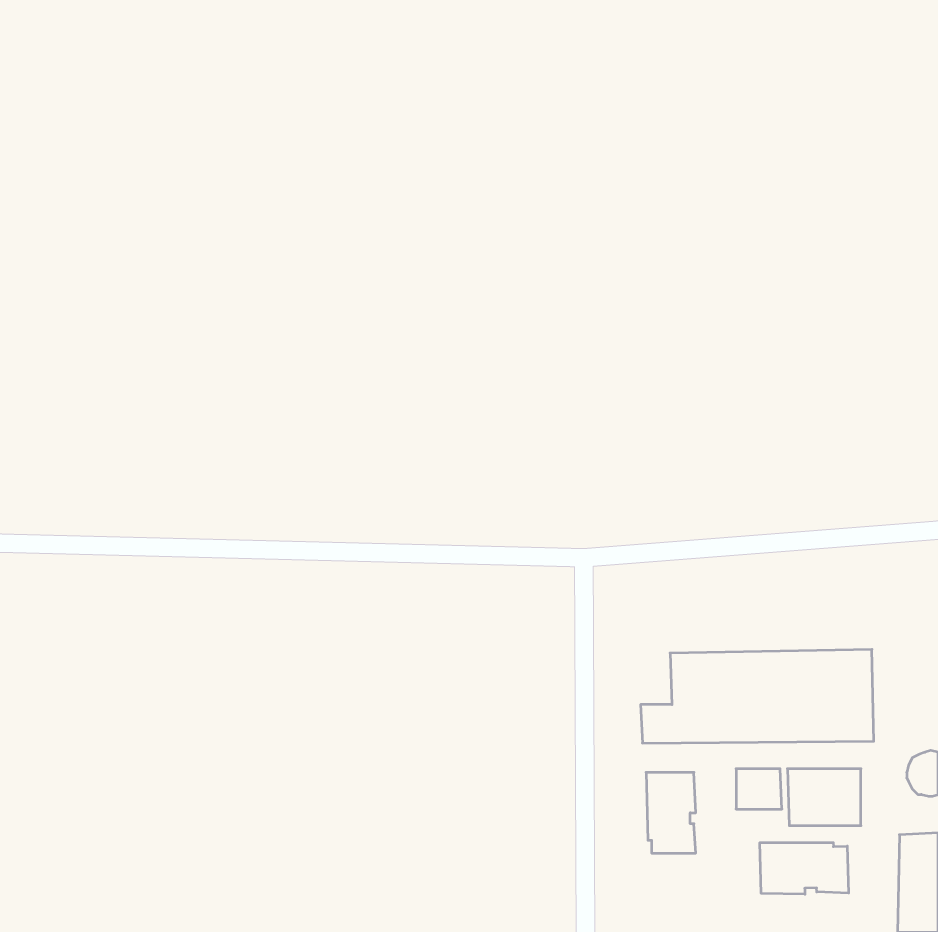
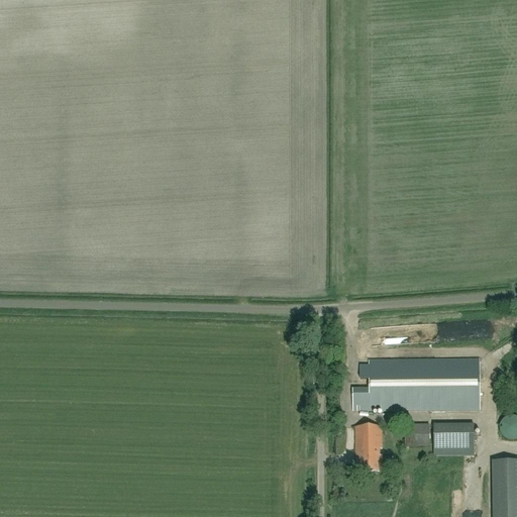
building: [760,843,849,894] -> none

